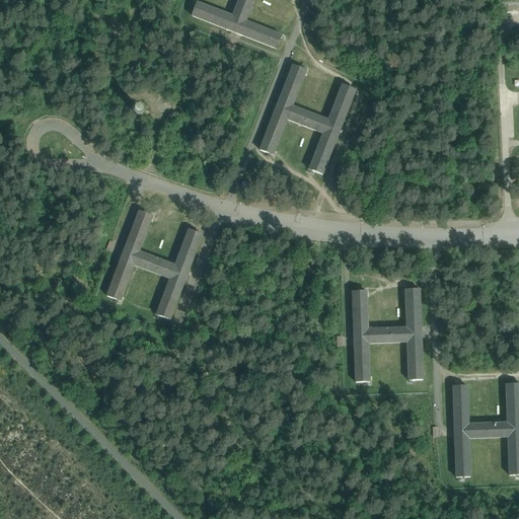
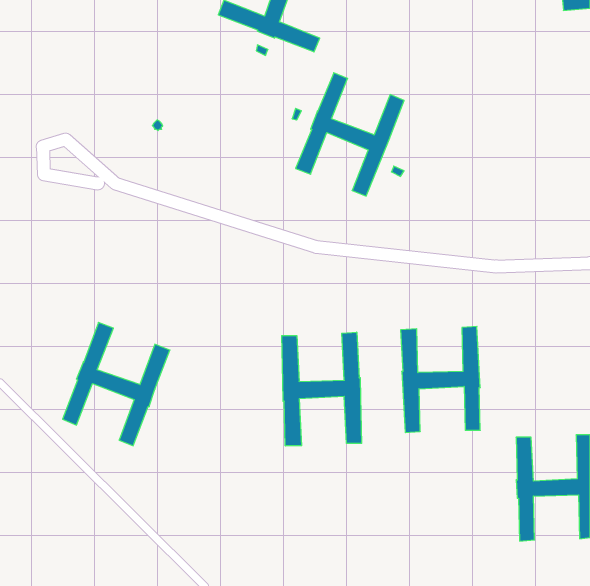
building: [107,209,202,317] -> [63,322,170,446]
building: none -> [282,332,362,446]

